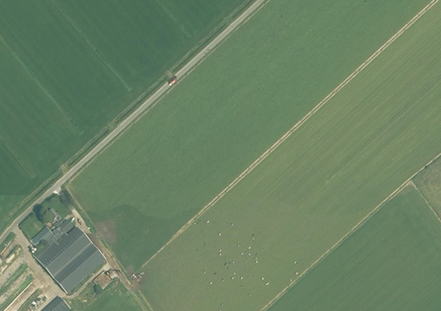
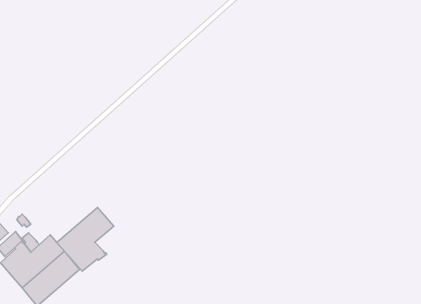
building: none -> [57,207,114,271]

